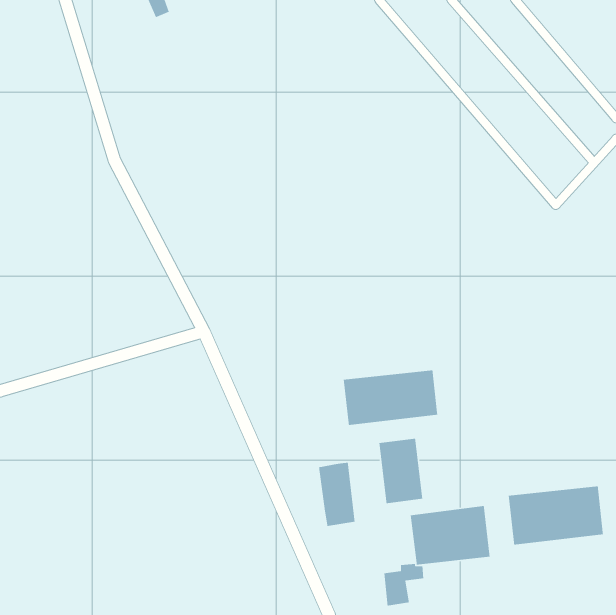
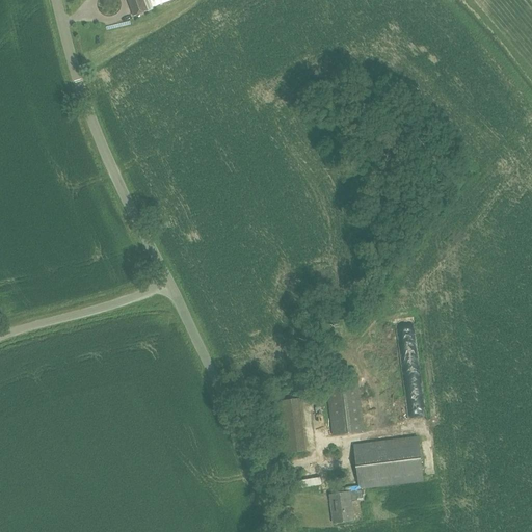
building: [343,369,438,426] -> none
building: [508,486,604,545] -> none

